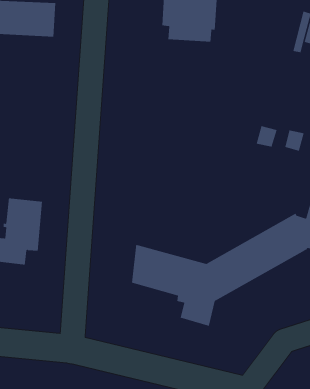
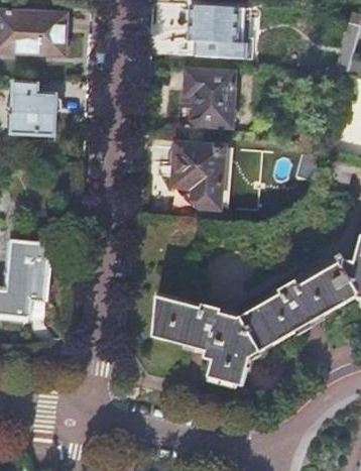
building: none -> [183,70,235,126]
building: none -> [11,81,55,134]
building: none -> [169,144,233,209]

